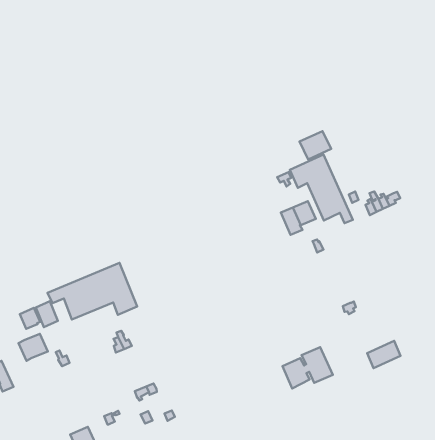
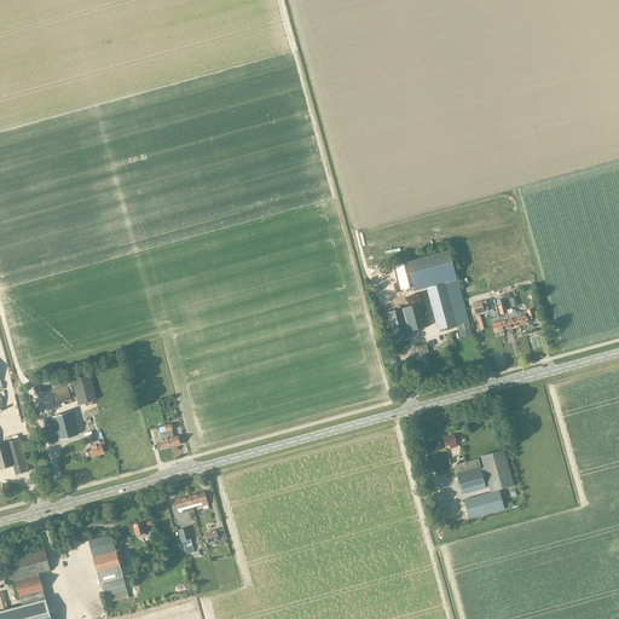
building: [300,131,331,159] -> none
building: [48,263,137,319] -> none
building: [282,347,333,388] -> [455,450,514,494]

